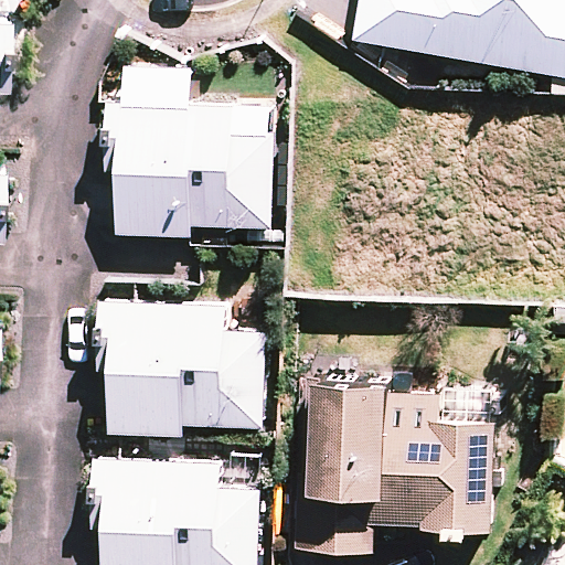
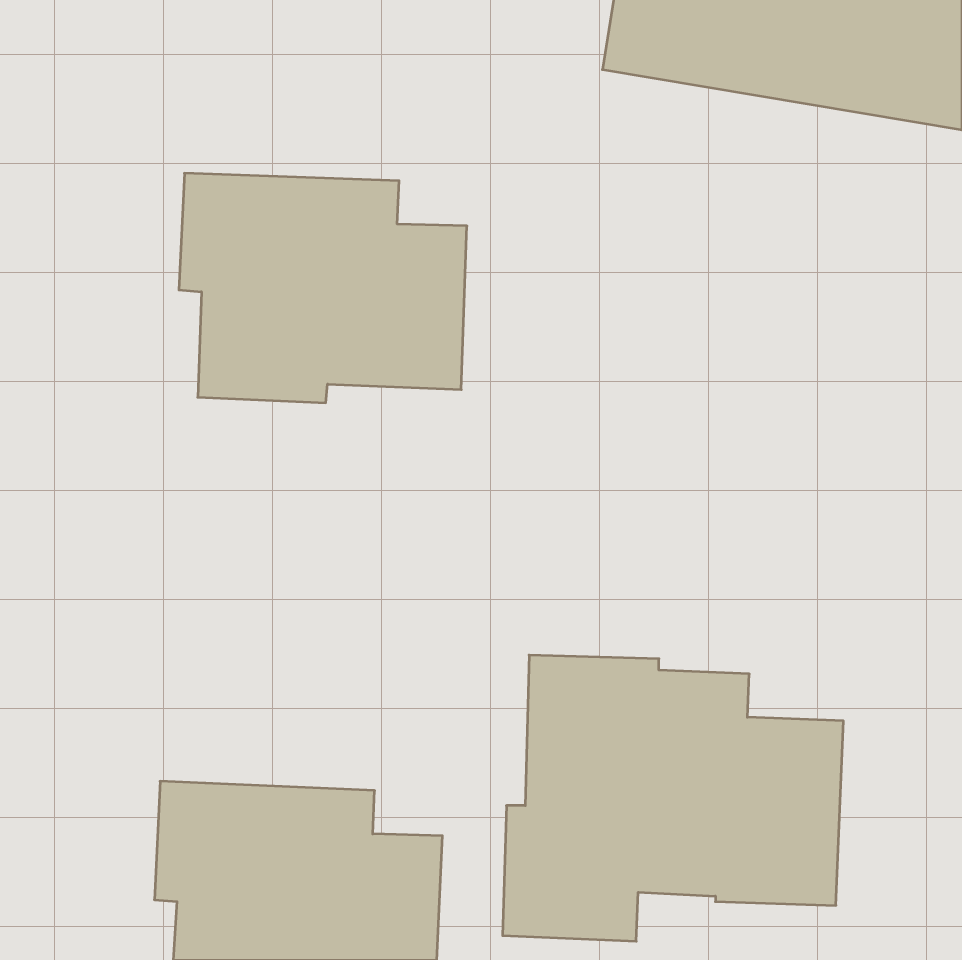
building: [97,300,266,436] -> none

